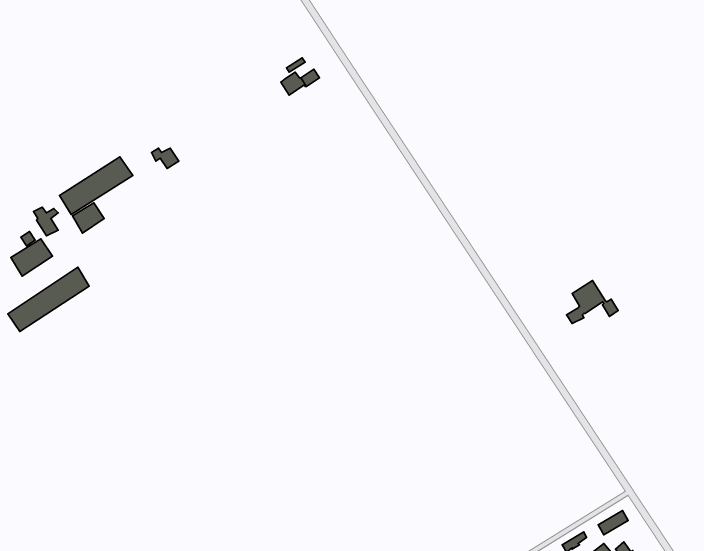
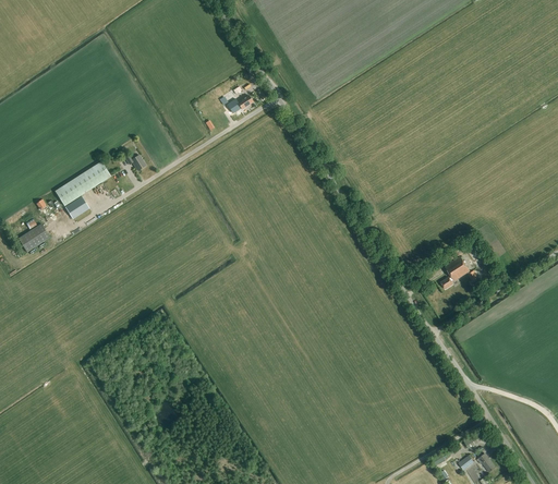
building: [8,267,89,332] -> none

